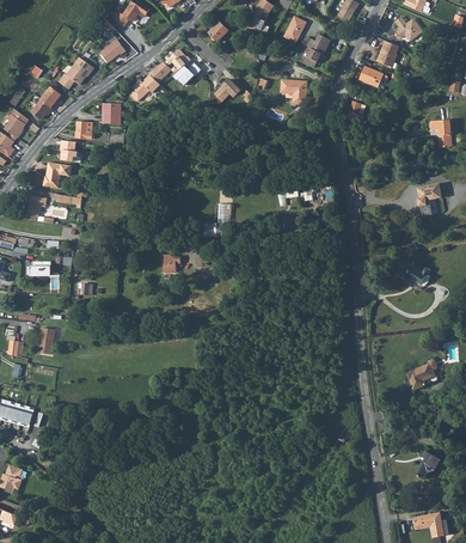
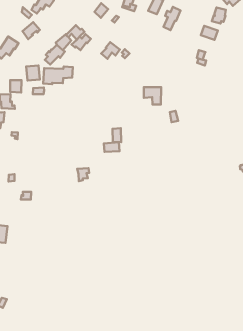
building: [280,80,306,108] -> [144,87,161,105]
building: none -> [43,67,73,84]

